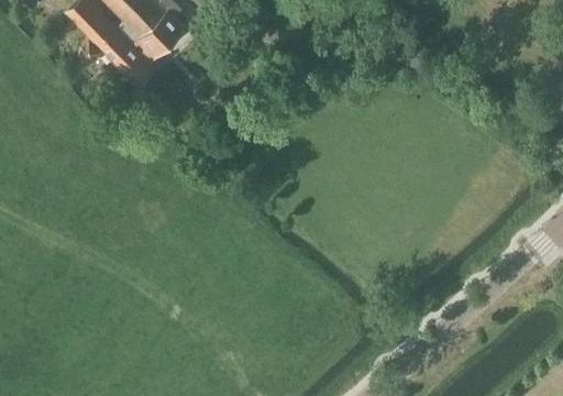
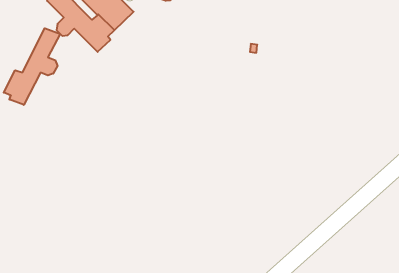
building: none -> [4,28,60,105]

